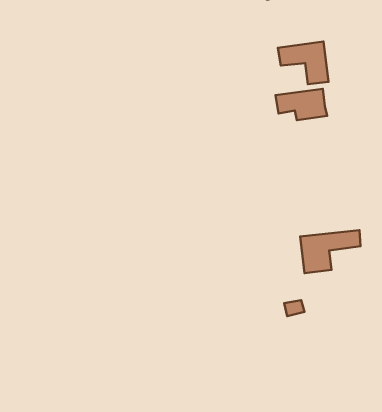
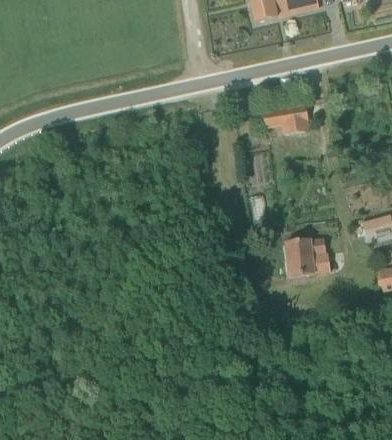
building: [278,42,329,84] -> none

